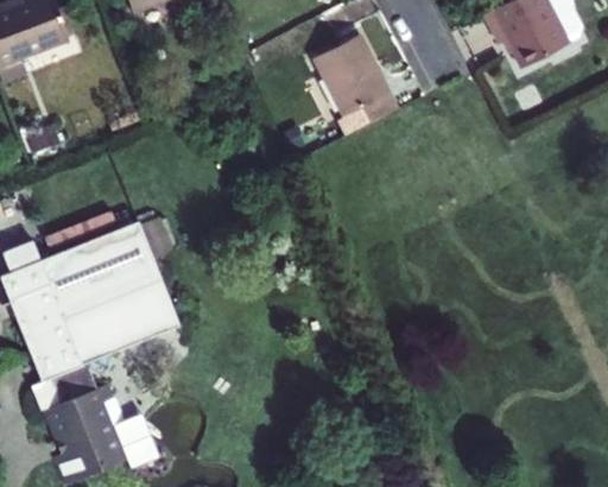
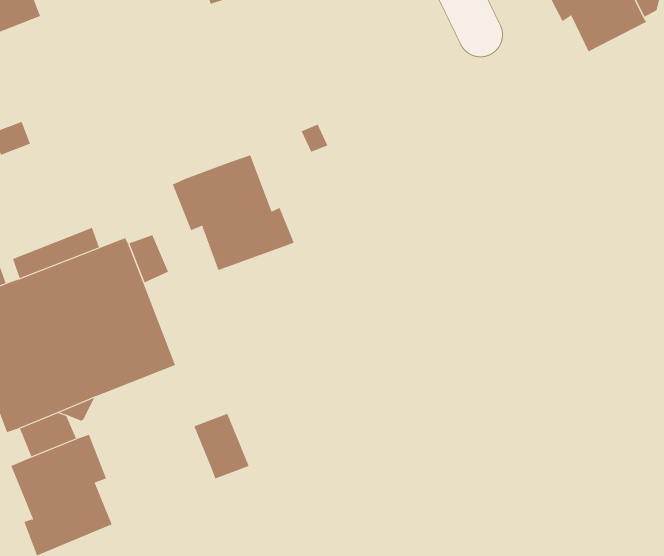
building: [312,33,397,134] -> none
building: none -> [172,154,295,271]
building: [113,413,159,468] -> [193,413,249,479]

